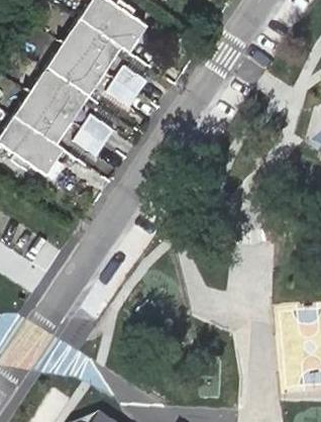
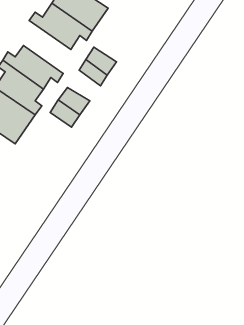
building: [37,32,96,97] -> none

